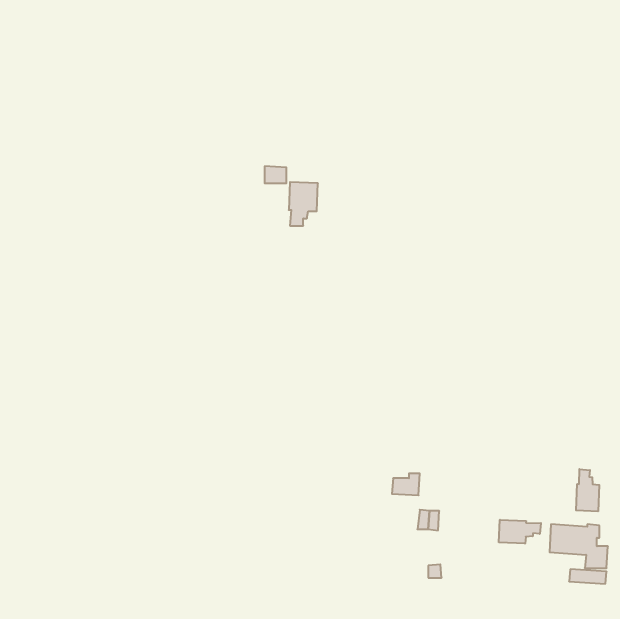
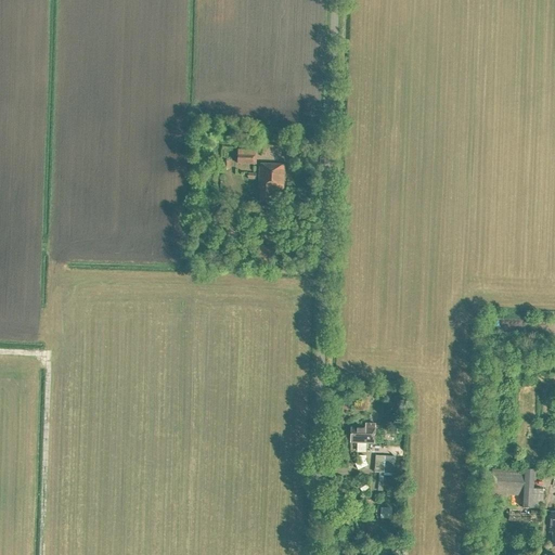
building: [576,469,599,511] -> none
building: [499,520,541,544] -> none

